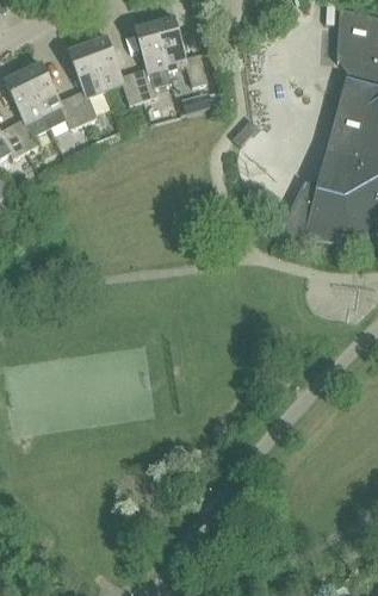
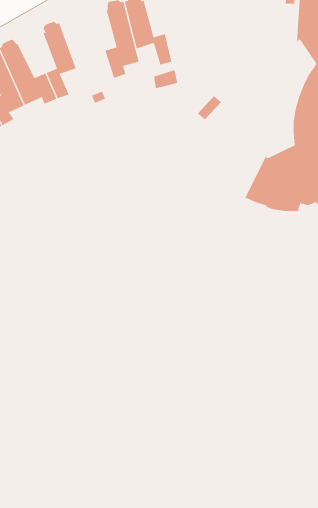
building: [87,33,144,105] -> none

